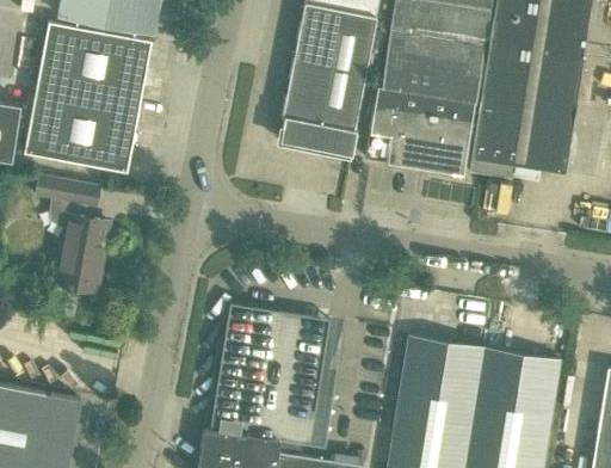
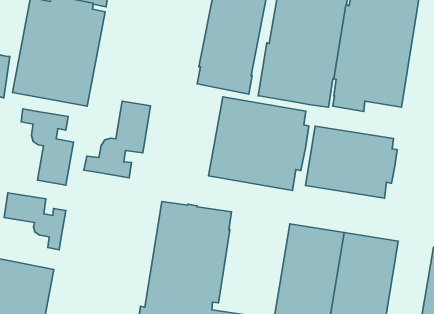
building: none -> [209,97,309,191]
building: none -> [84,101,150,178]
building: none -> [305,126,397,198]
building: none -> [4,193,66,250]

